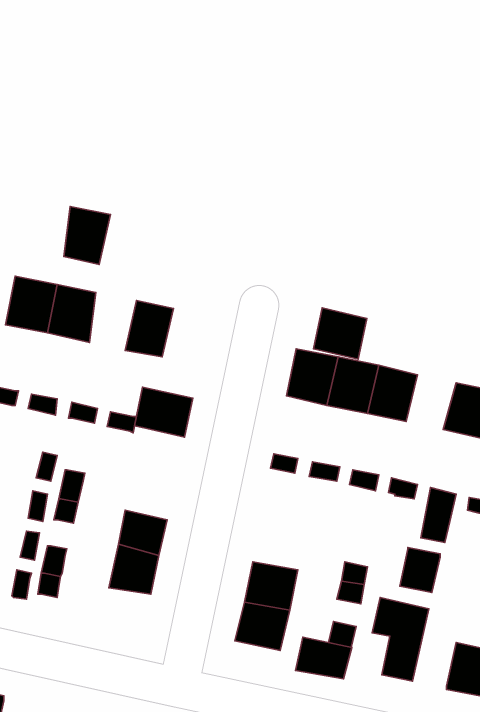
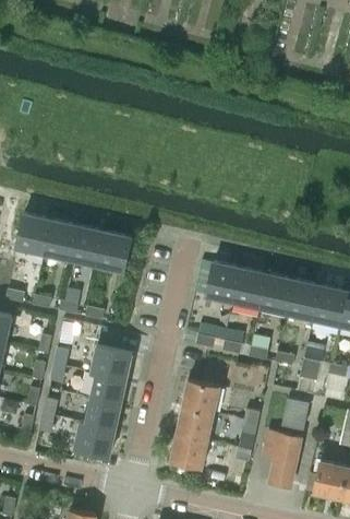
building: [64,207,111,265] -> [73,225,105,264]
building: [314,308,367,359] -> none
building: none -> [287,281,321,318]
building: [135,387,193,437] -> [92,345,131,379]
building: none -> [183,381,219,413]
building: none -> [75,424,114,458]
building: [296,637,352,679] -> none

